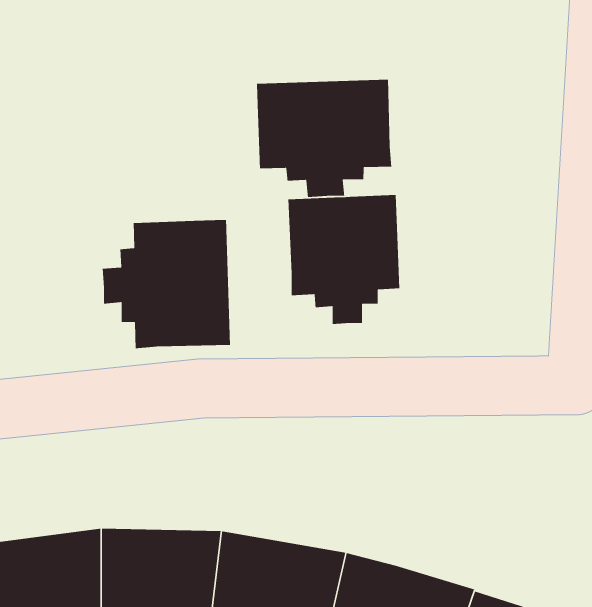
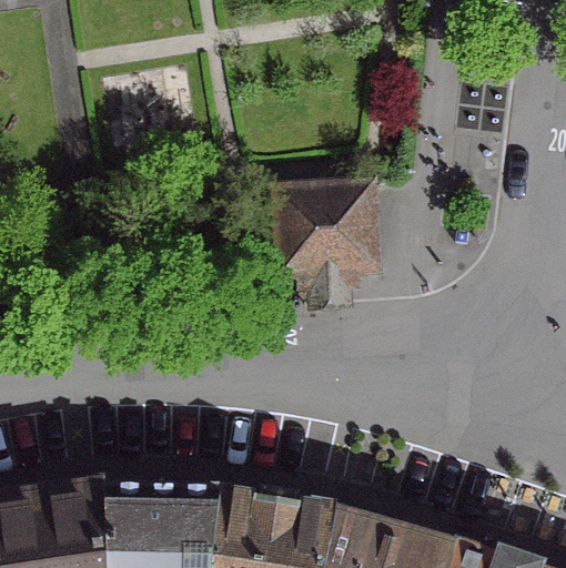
building: [256,79,392,198] -> none
building: [102,219,231,349] -> none

